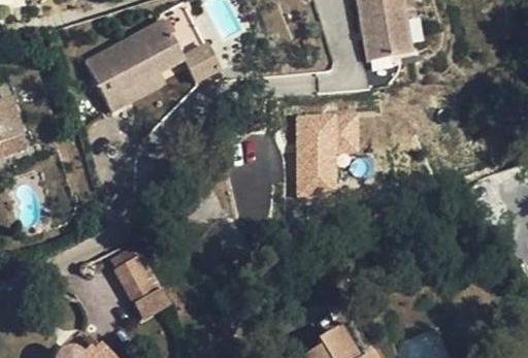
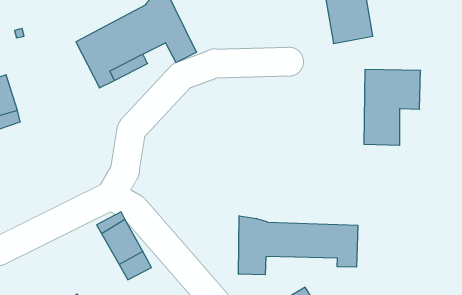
building: [298,112,360,195] -> [364,70,421,145]
building: none -> [239,216,358,275]

